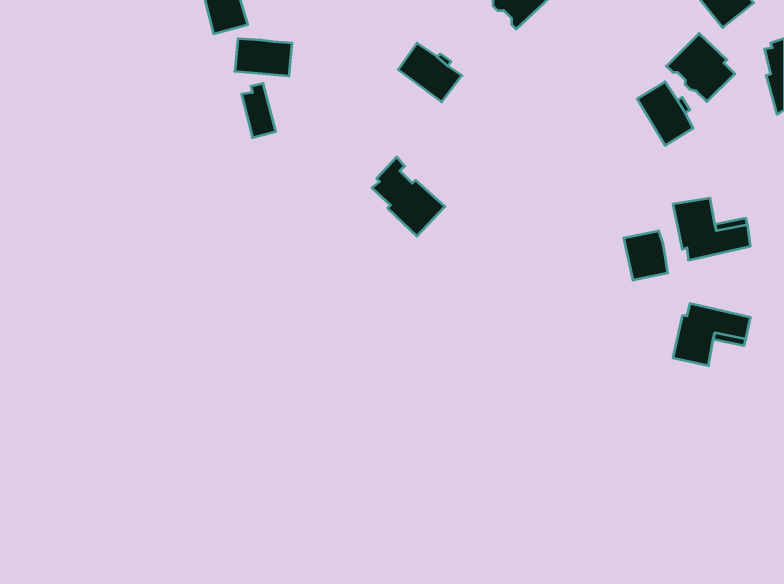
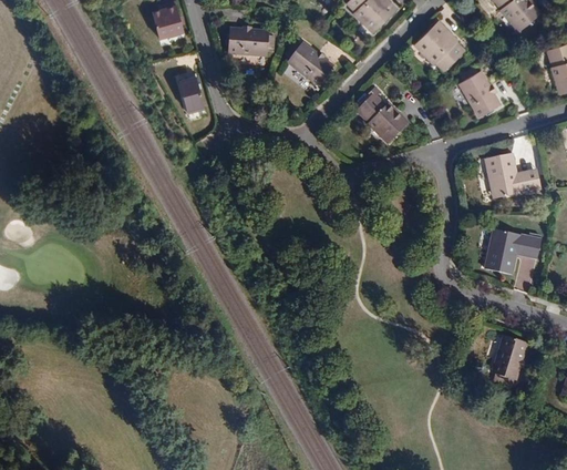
building: [666,33,735,102] -> [416,22,465,71]
building: [235,39,292,76] -> [229,30,270,57]
building: [372,157,445,236] -> [357,86,409,143]
building: [624,231,668,280] -> none
building: none -> [492,336,526,380]

